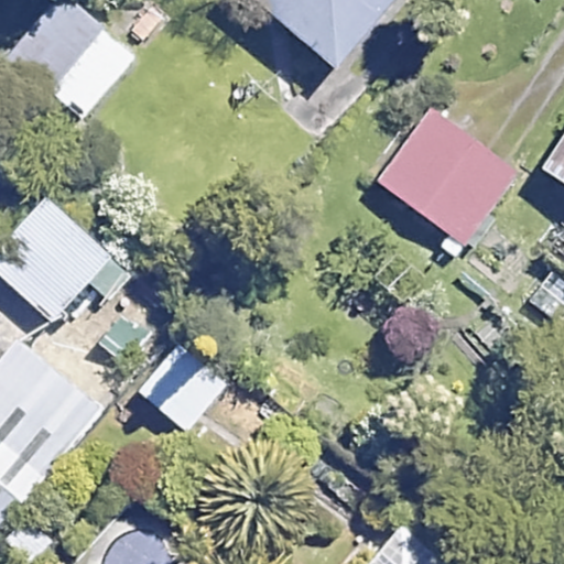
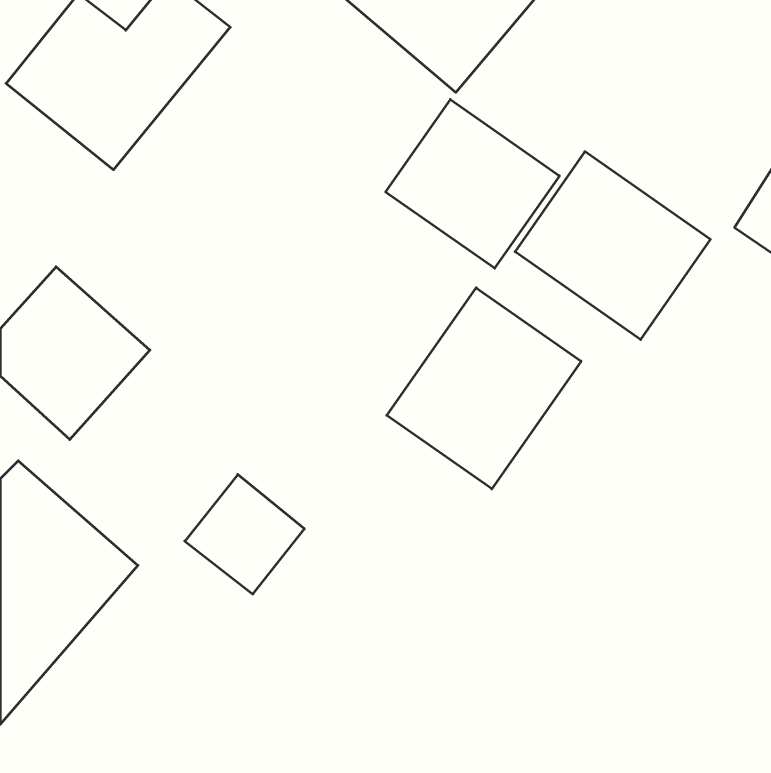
building: none -> [386,99,559,268]
building: none -> [387,288,581,489]

